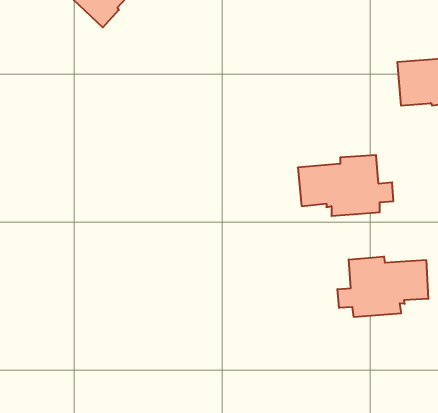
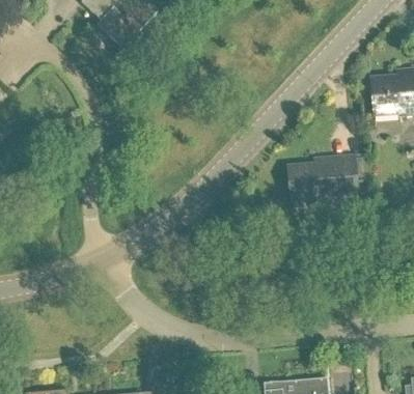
building: [337,256,428,317] -> none

